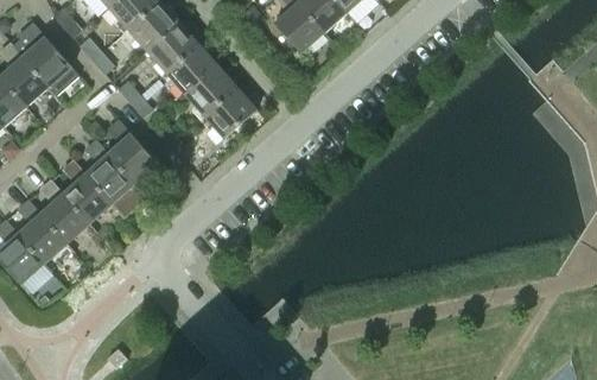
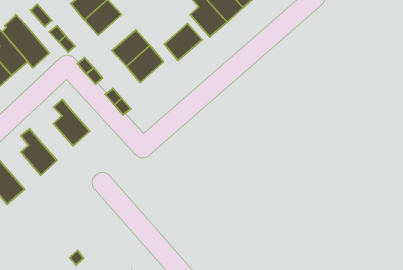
building: [145,23,197,72] -> none
building: [203,88,255,139] -> [164,24,202,60]
building: [106,120,155,184] -> none
building: [61,160,110,224] -> none
building: [15,201,65,265] -> none

